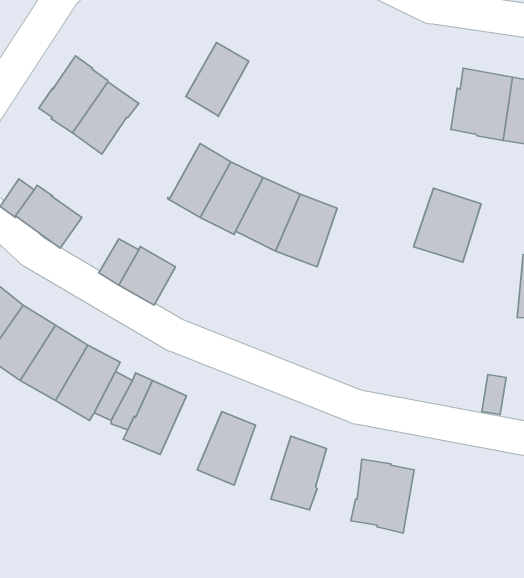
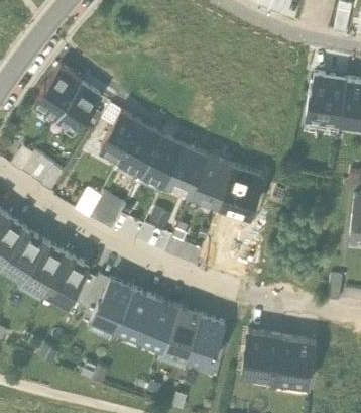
building: [186,43,249,117] -> [101,112,142,161]
building: [413,188,481,262] -> [219,167,263,215]
building: none -> [116,290,156,338]
building: none -> [164,309,202,357]
building: none -> [275,338,316,385]

